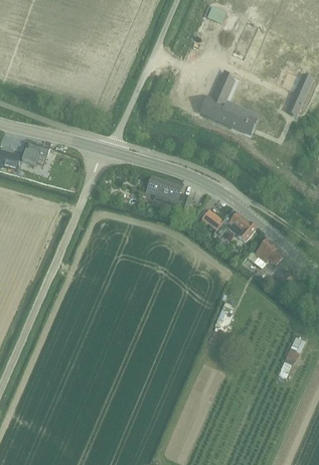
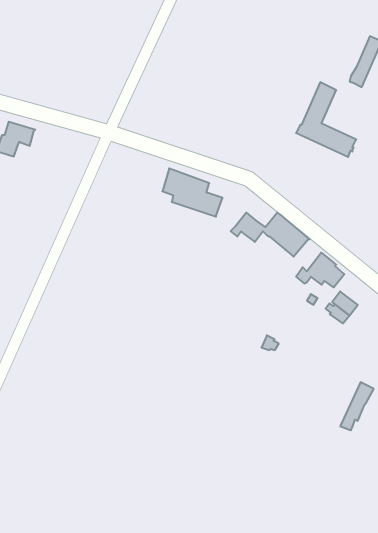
building: [203,74,249,131] -> [296,82,356,157]

